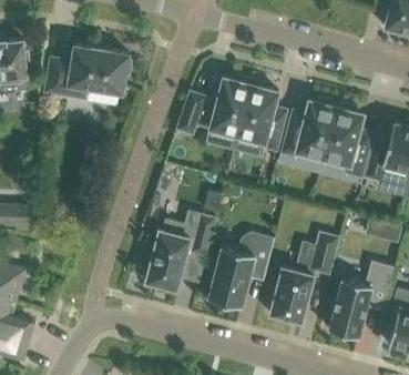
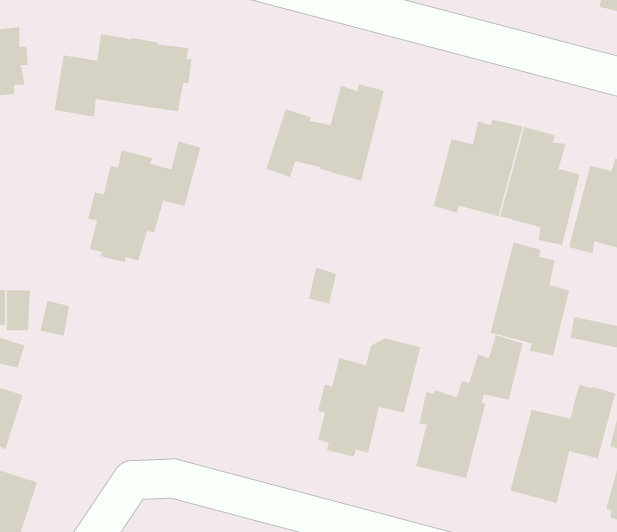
building: [237,80,287,151] -> [490,242,570,356]
building: [145,214,216,291] -> [87,141,201,263]

